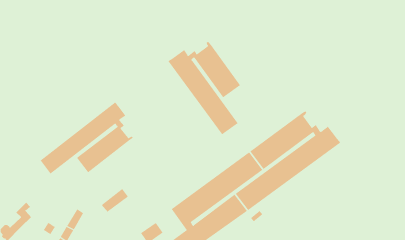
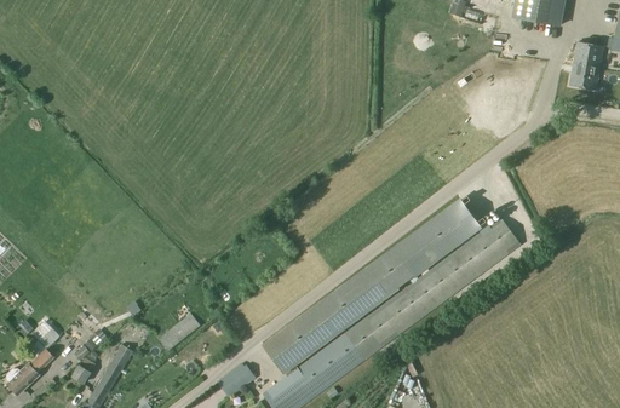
building: none -> [569,41,604,88]
building: [168,41,241,135] -> none
building: [40,101,133,174] -> none

